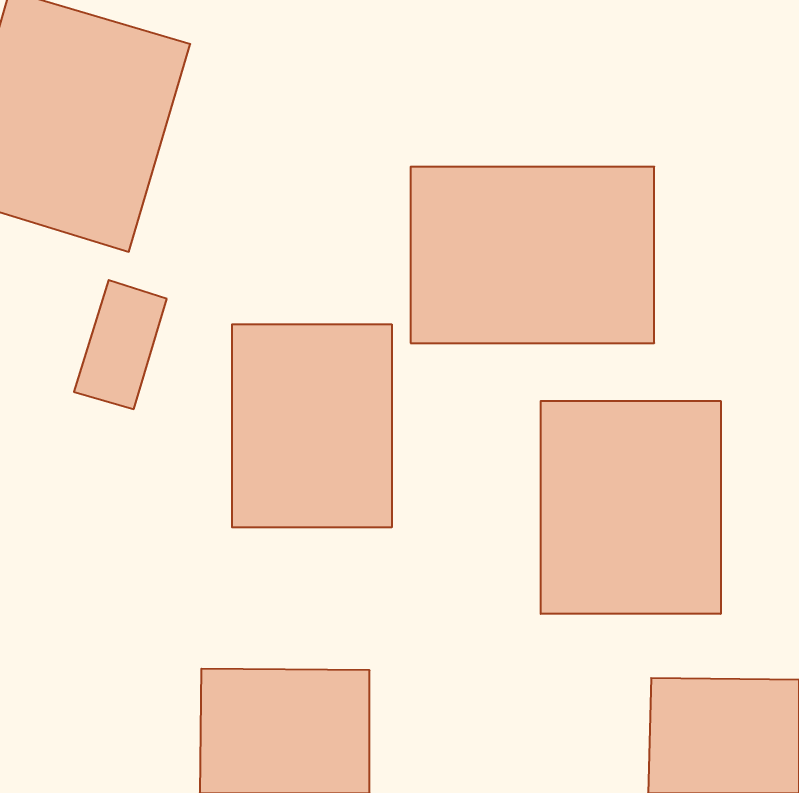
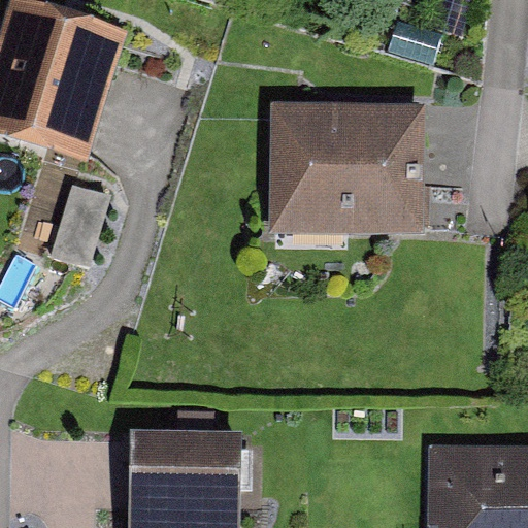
building: [232,324,392,527] -> none
building: [541,401,721,614] -> none

